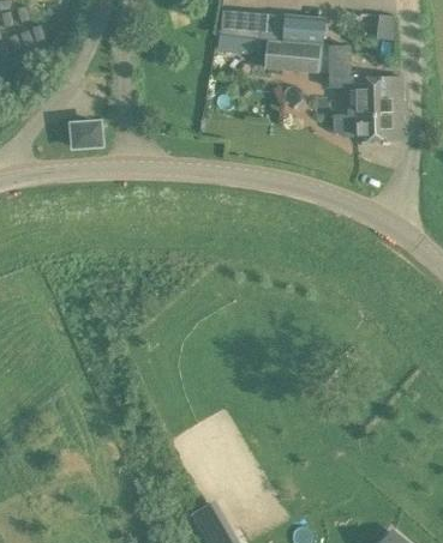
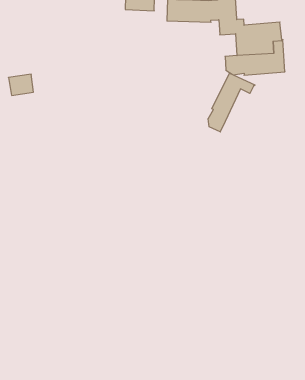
building: none -> [208,73,255,132]

